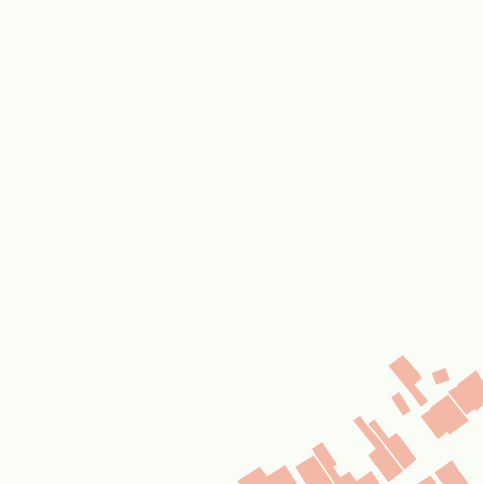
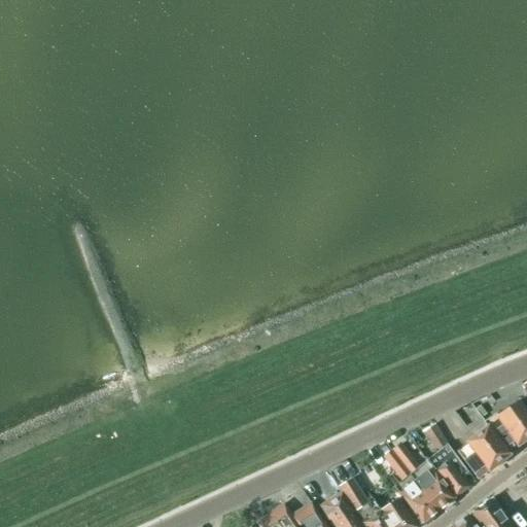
building: [387,354,429,408] -> none
building: none -> [435,461,470,499]

